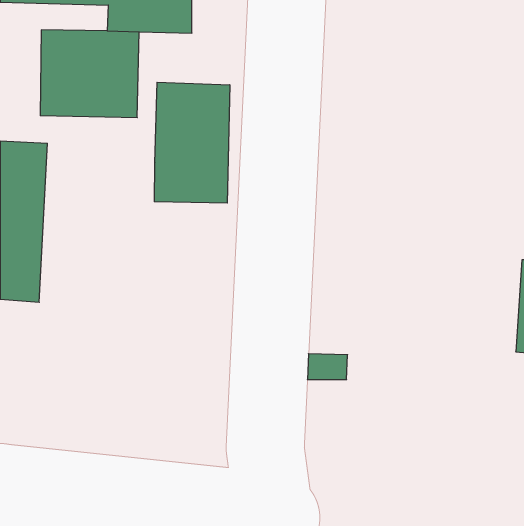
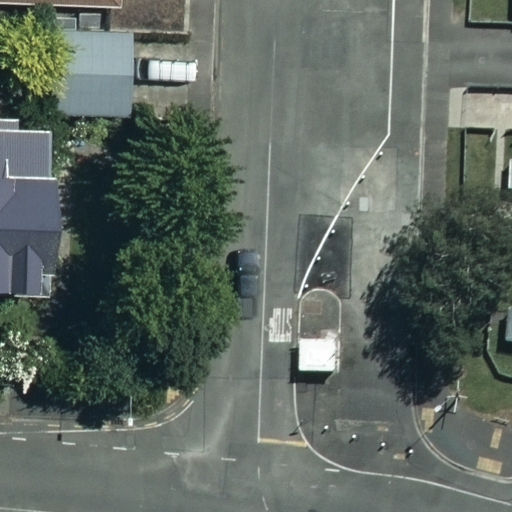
building: [154,82,230,203] -> none

